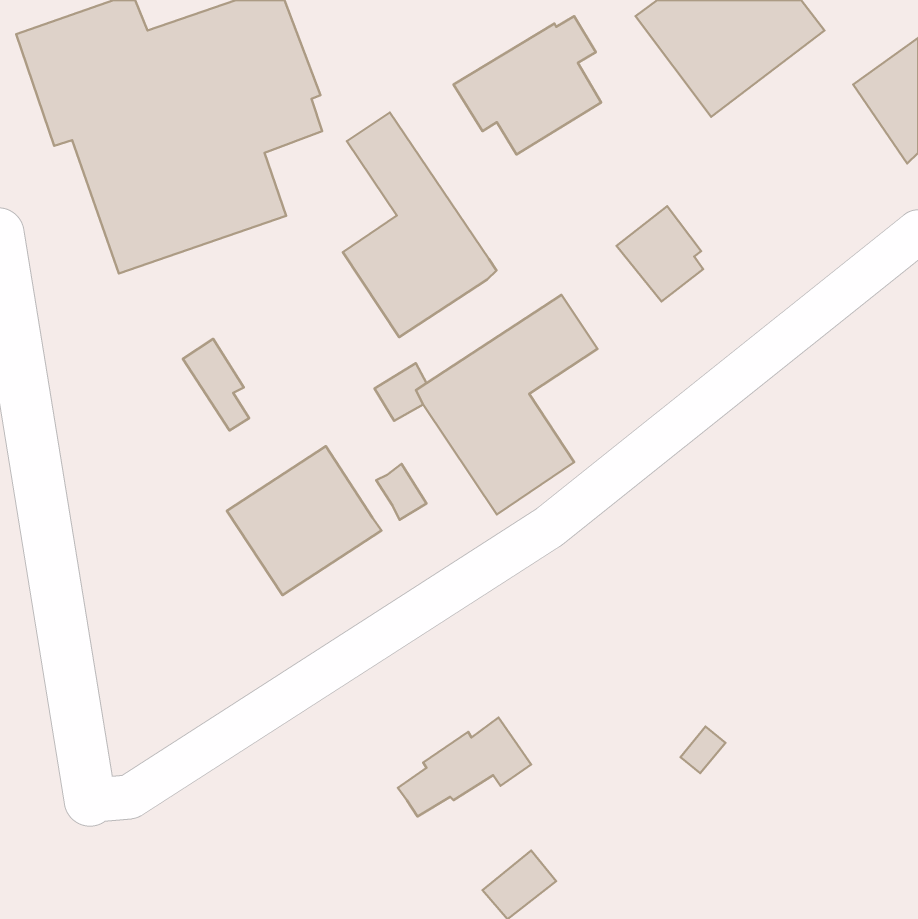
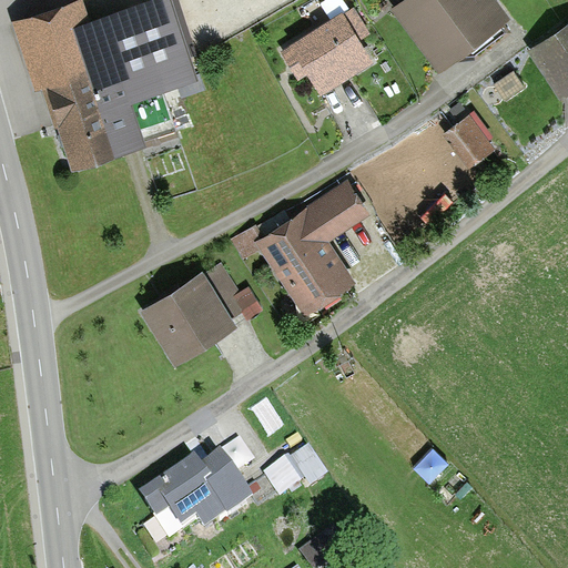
building: [343,113,497,337] -> none
building: [617,206,703,302] -> [443,111,496,170]
building: [183,339,249,431] -> [201,263,242,320]
building: none -> [139,447,251,535]

